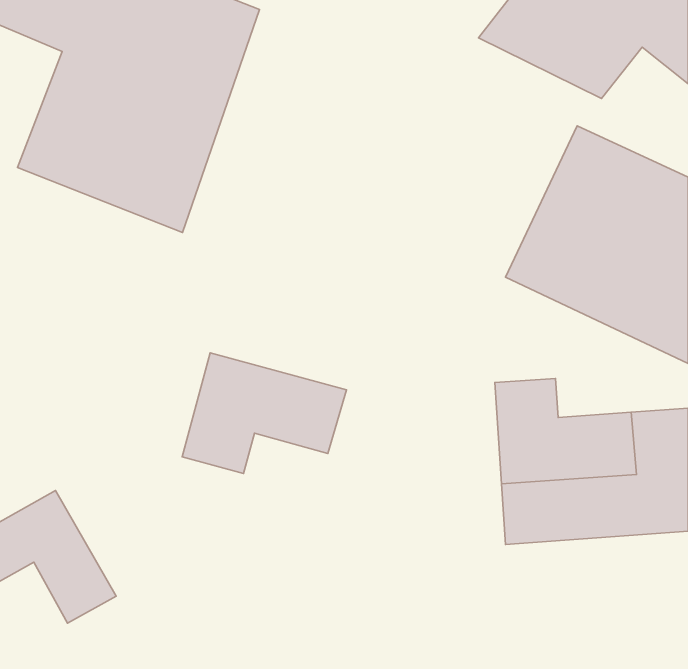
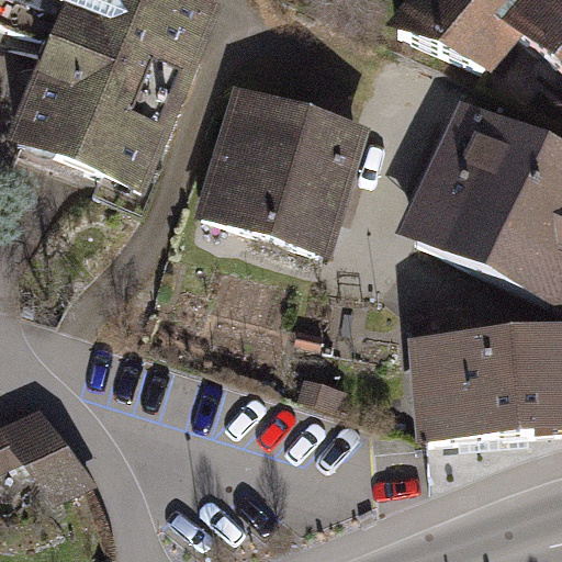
building: none -> [199,89,369,262]
building: [182,353,346,473] -> none

